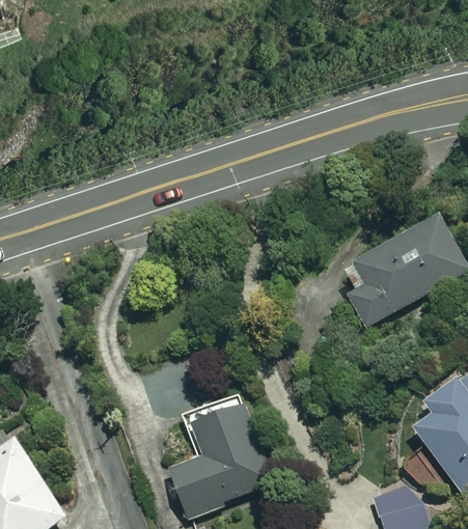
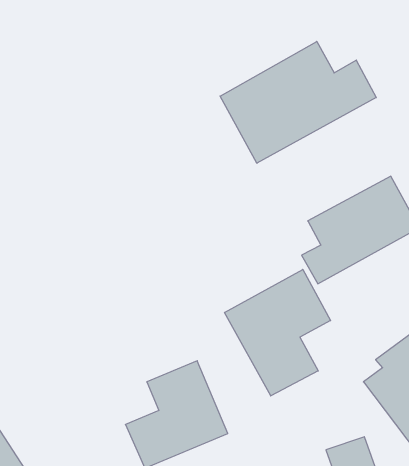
building: none -> [220,41,376,163]
building: none -> [225,269,331,396]

